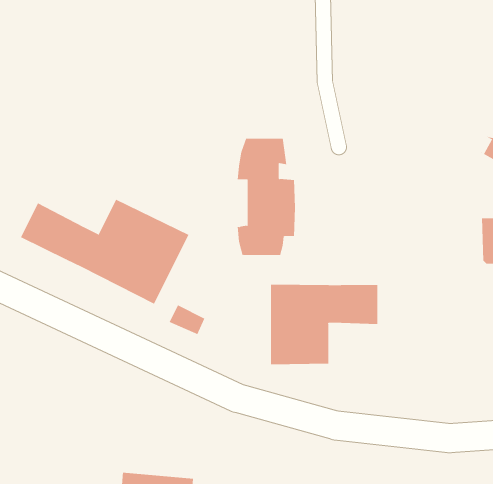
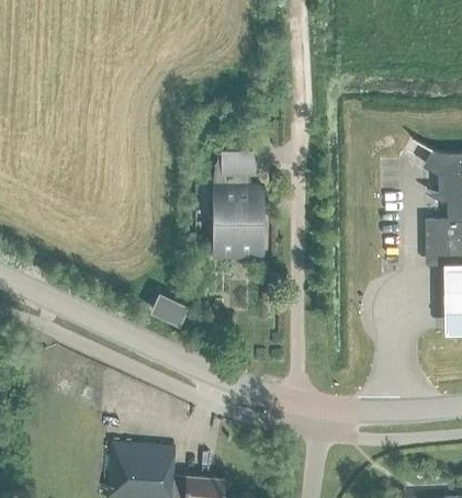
building: [20,199,189,304] -> none
building: [271,284,378,365] -> none

